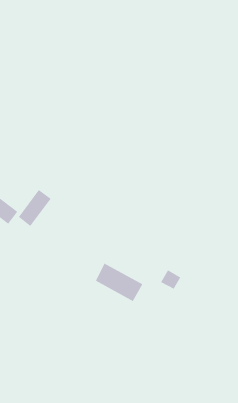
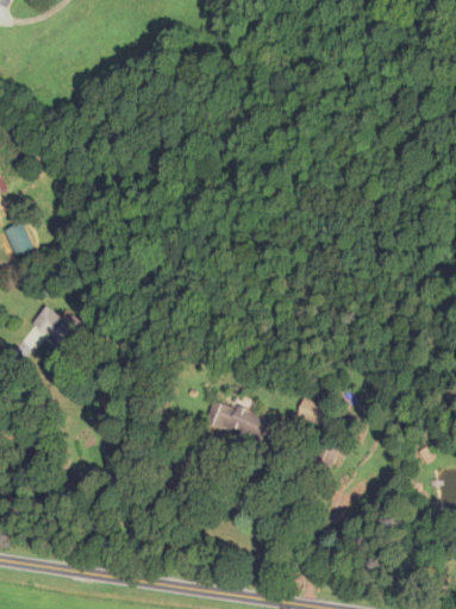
building: [18,189,51,227] -> none

